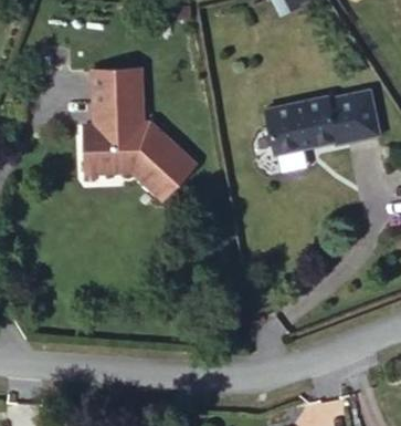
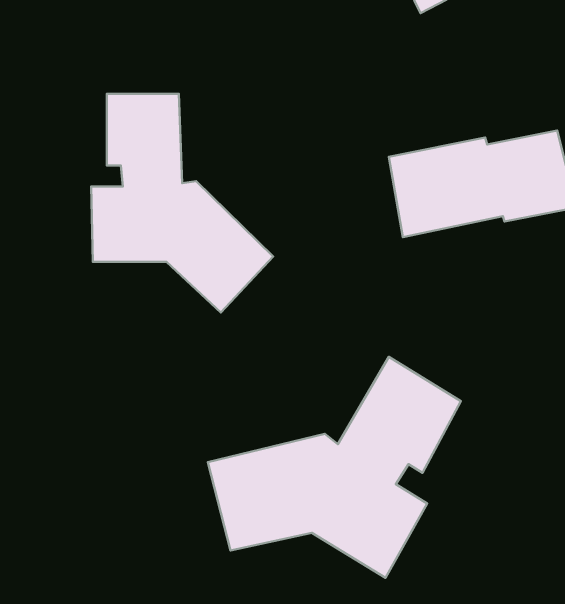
building: none -> [208,357,461,578]

